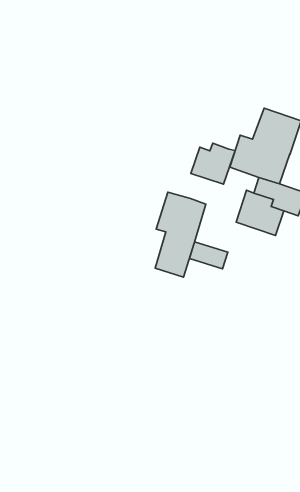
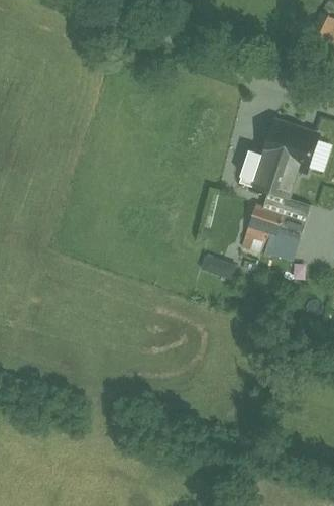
building: [191,143,235,184] -> none
building: [155,192,206,277] -> none

